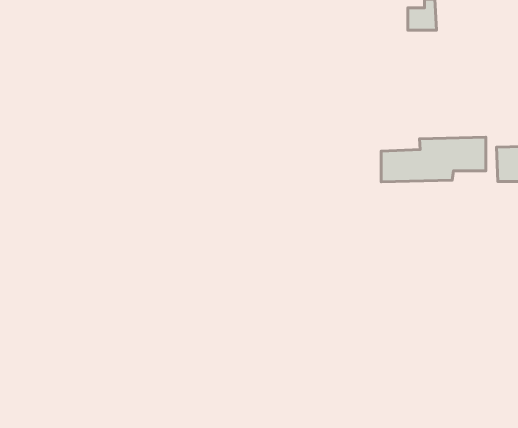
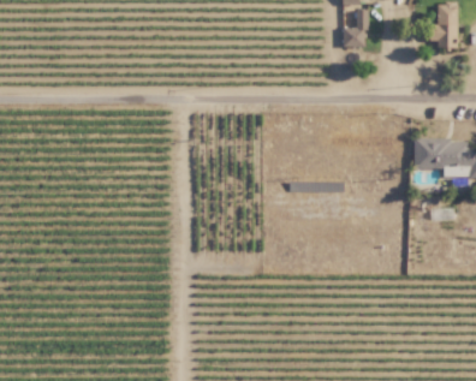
building: [381,137,486,182] -> none

